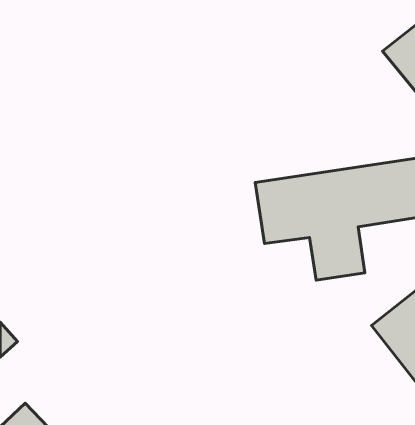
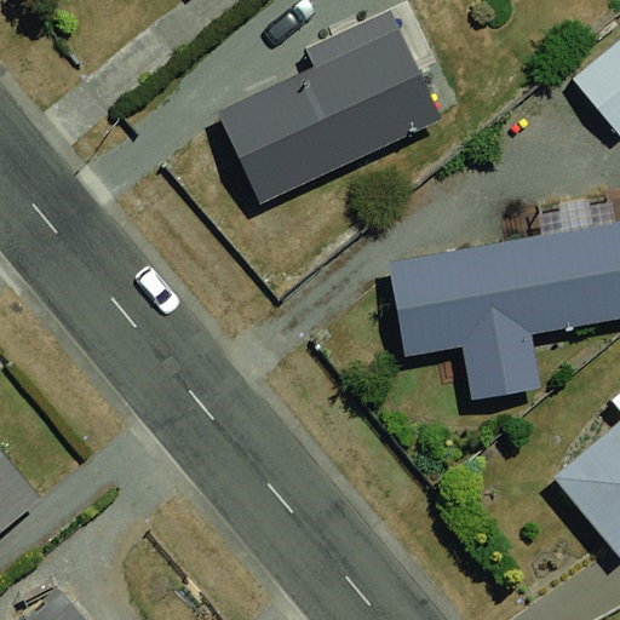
building: none -> [224,31,427,185]

